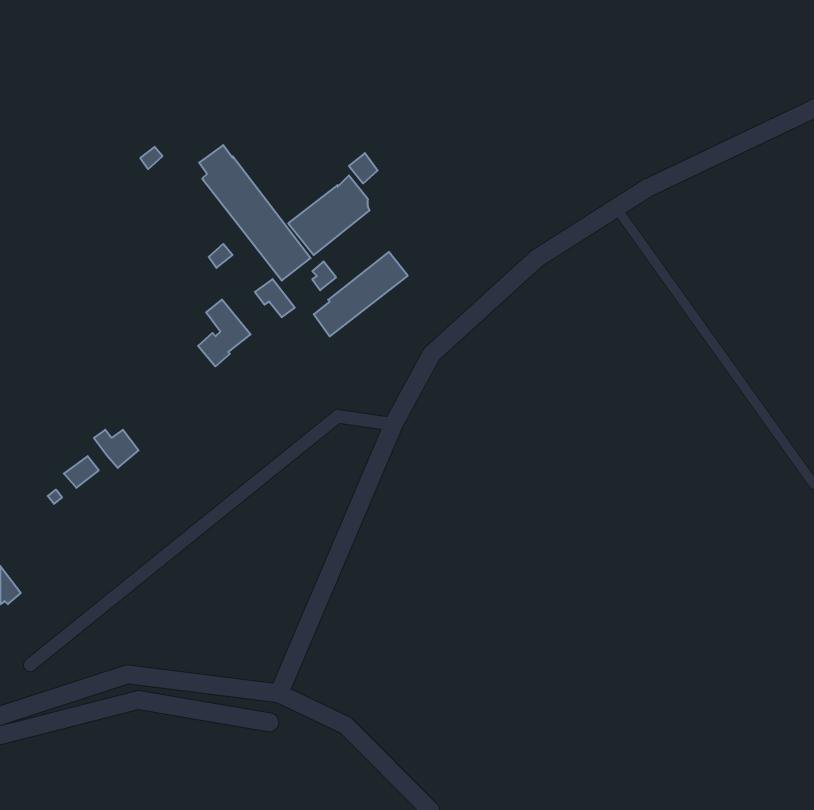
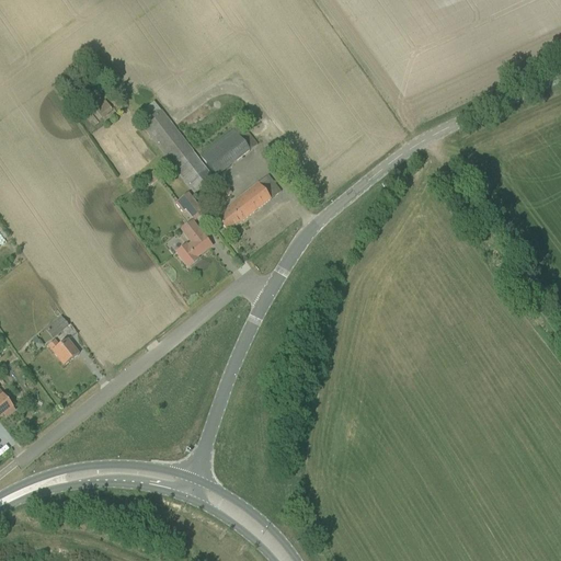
building: [198,300,251,366] -> [175,219,211,265]
building: [94,430,139,468] -> [47,337,78,364]

